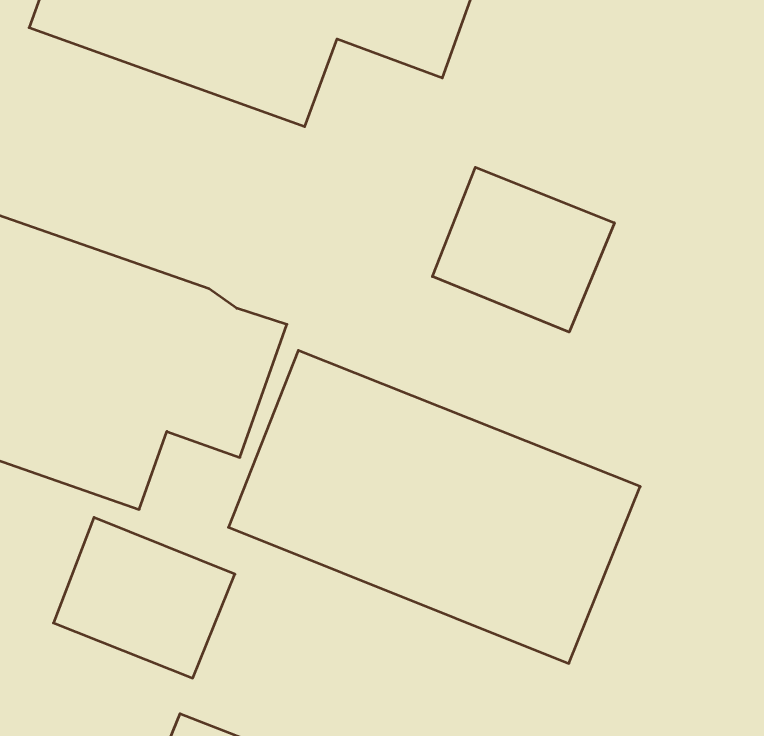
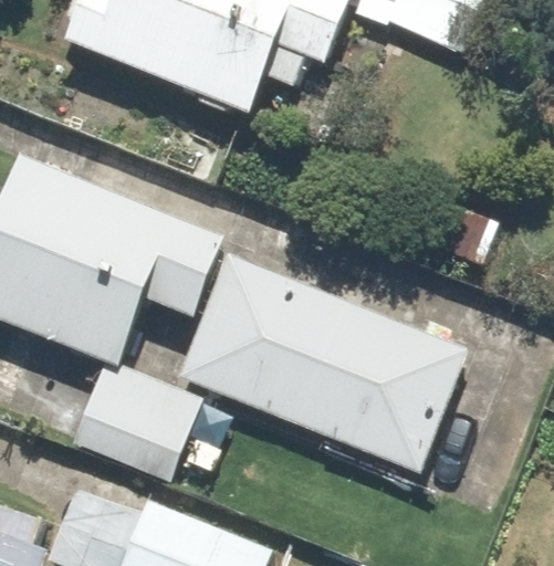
building: [432,167,614,332] -> none

